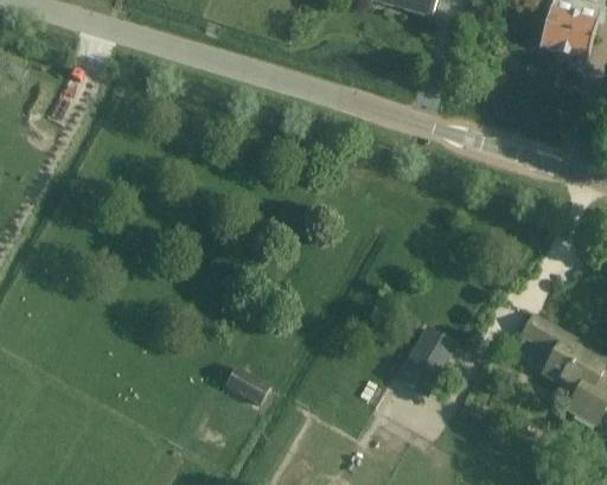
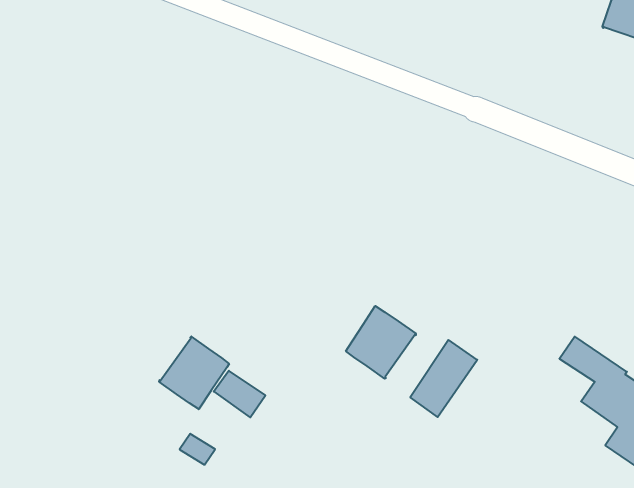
building: none -> [346,306,416,379]
building: none -> [159,336,229,409]

